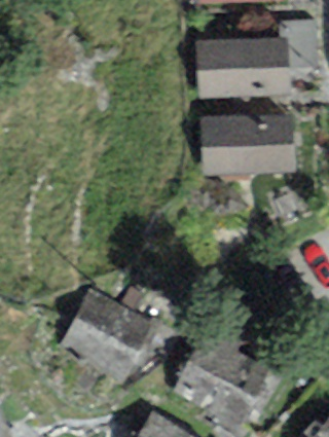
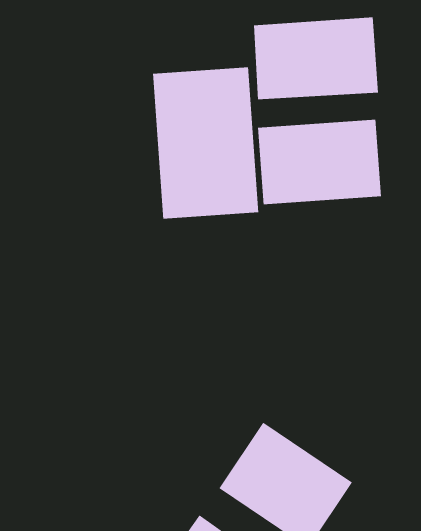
building: none -> [153,67,259,219]
building: [57,288,159,390] -> none

